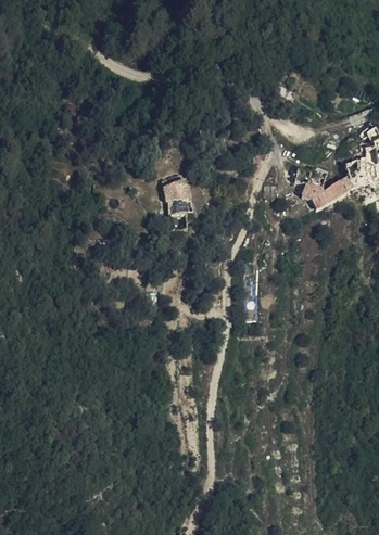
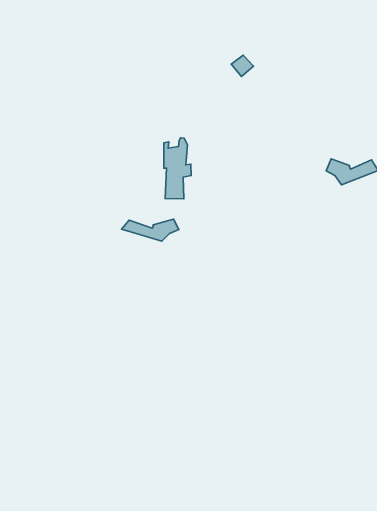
building: none -> [122,219,179,241]

